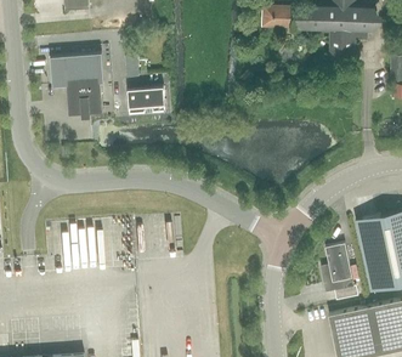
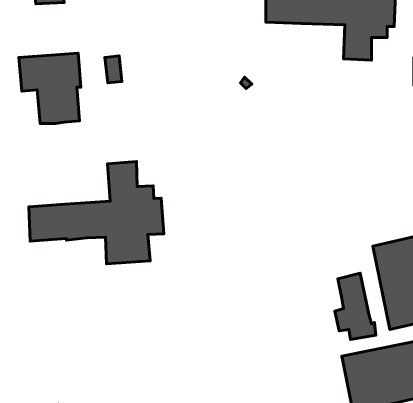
building: [128,89,165,115] -> none
building: none -> [29,161,164,264]

